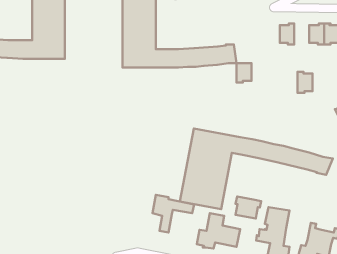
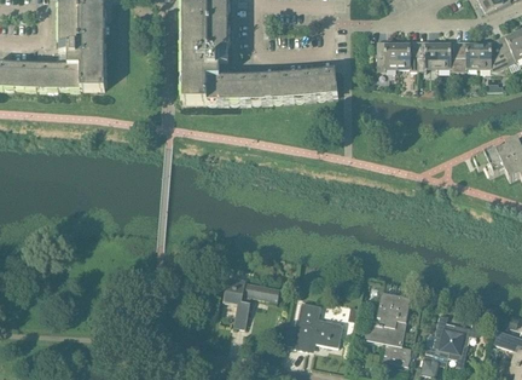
building: [237,63,252,83] -> [377,42,398,69]
building: [297,72,312,93] -> [417,40,437,69]
building: [180,128,333,209] -> none
building: [236,197,261,219] -> none

